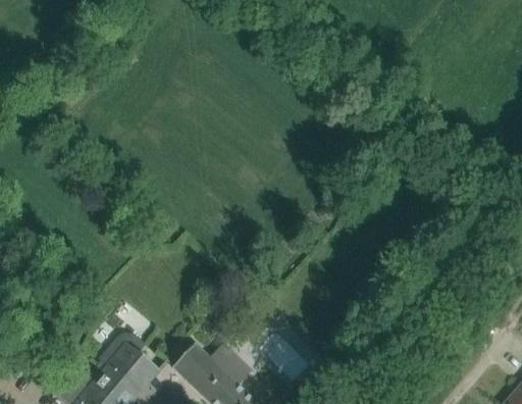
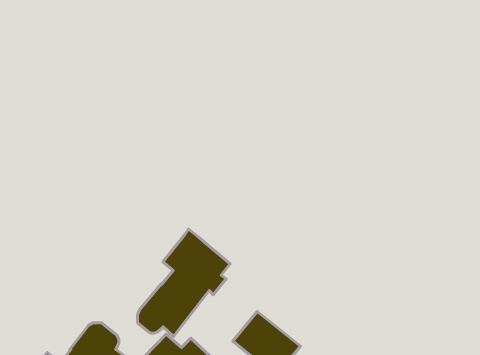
building: none -> [137,229,230,336]

